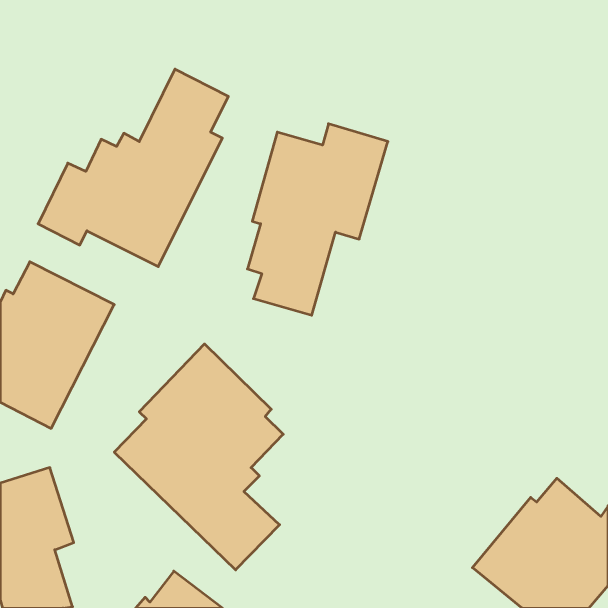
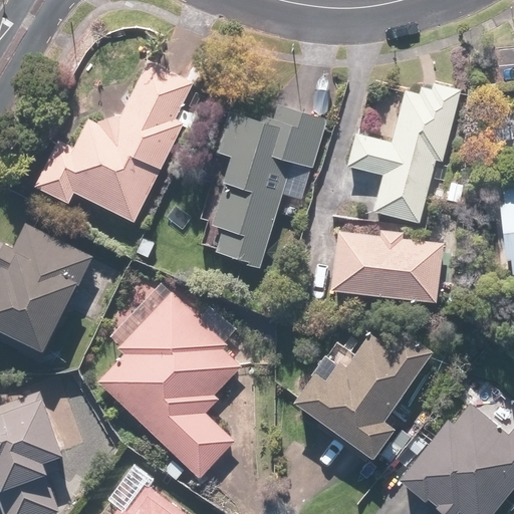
building: none -> [348,85,461,224]
building: none -> [330,231,442,302]
building: none -> [290,331,431,461]

